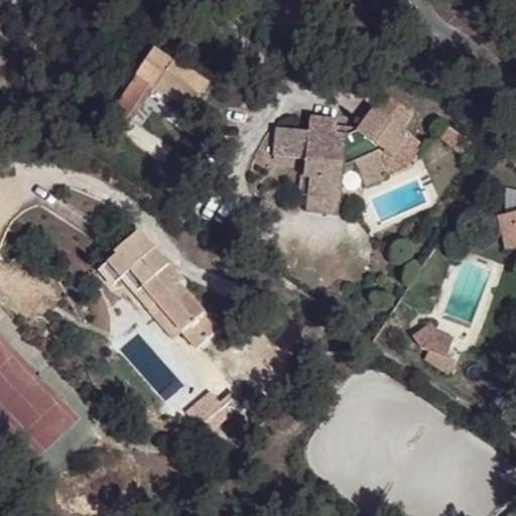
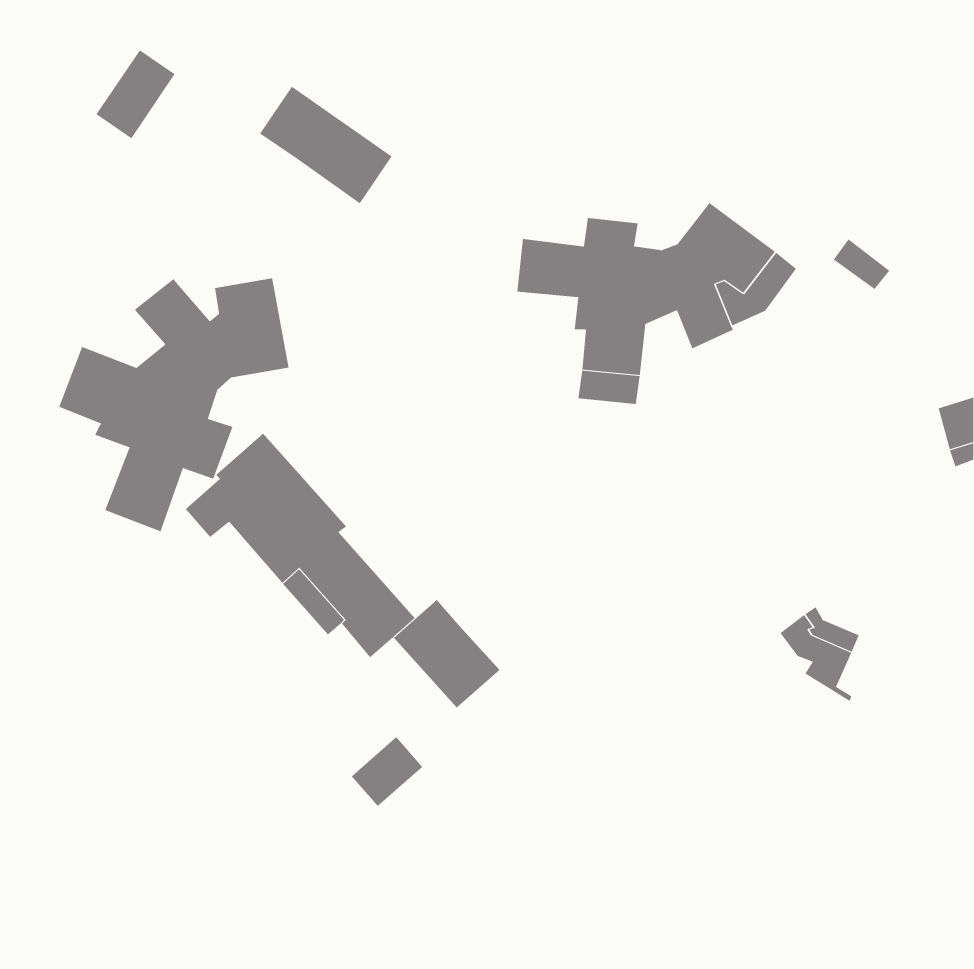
building: [114,71,156,118] -> [96,49,176,139]
building: none -> [58,277,289,532]
building: none -> [393,599,500,709]

